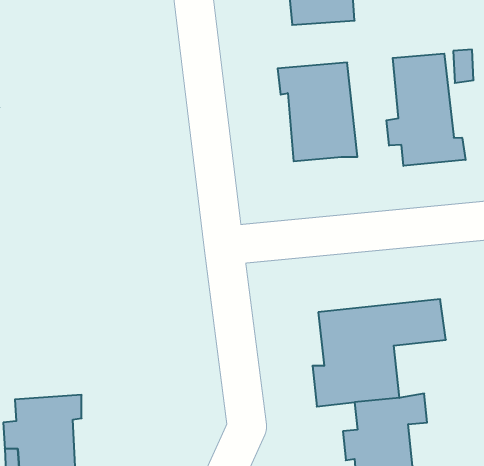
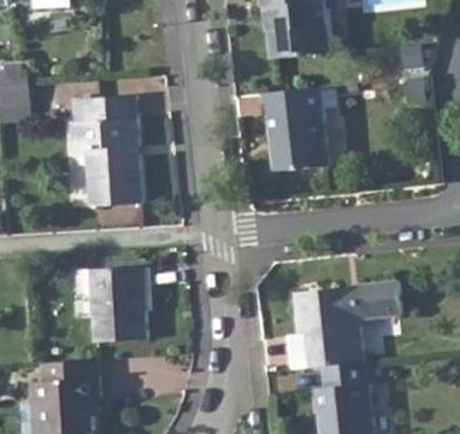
building: [386,54,466,166] -> none
building: none -> [70,95,141,207]
building: none -> [77,265,151,341]

